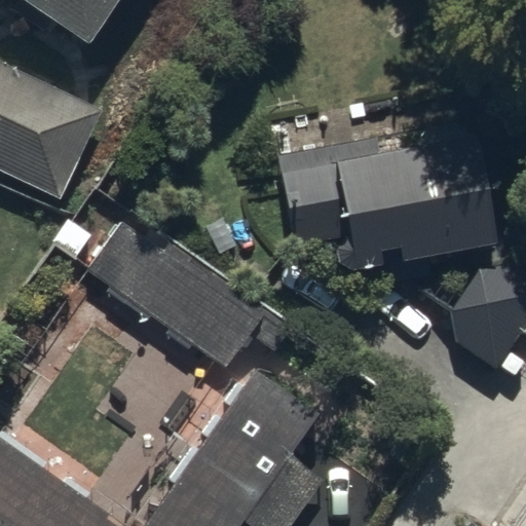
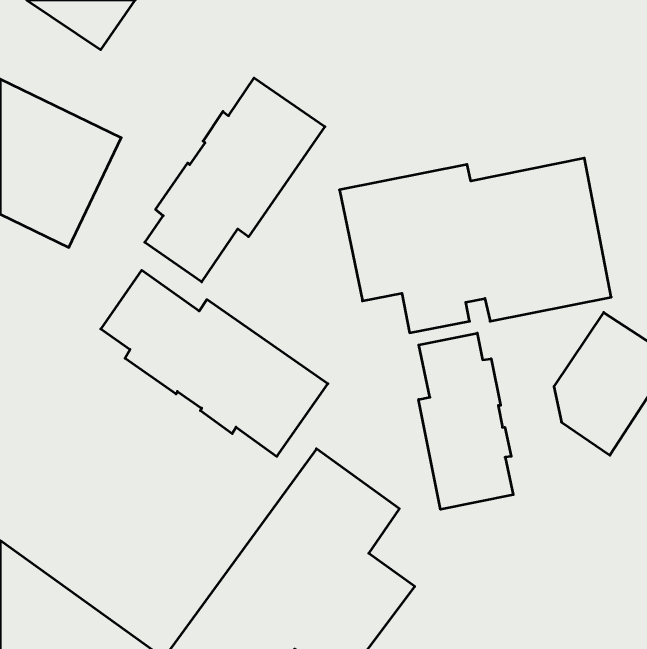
building: none -> [145,78,325,282]
building: none -> [419,333,513,509]

